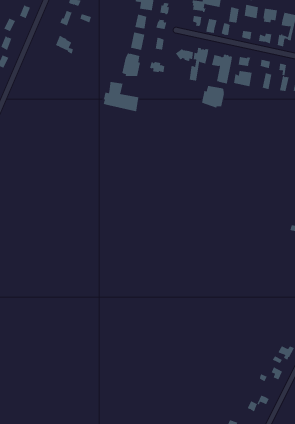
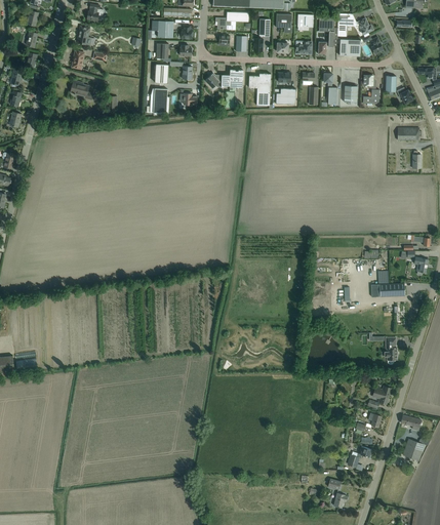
building: [103,81,139,112] -> none
building: [202,85,224,109] -> none

